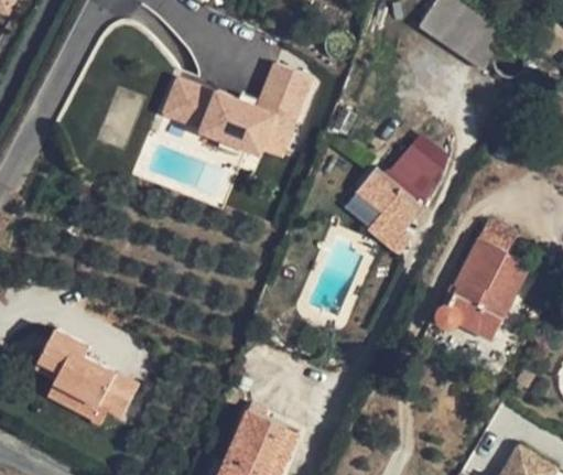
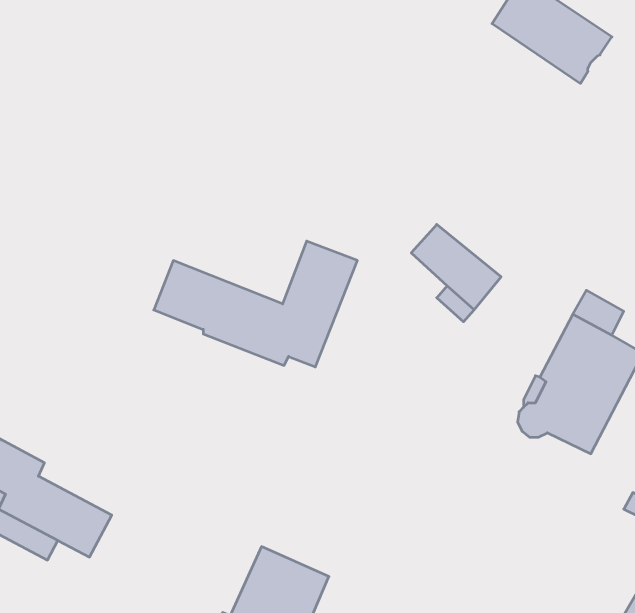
building: [161,65,311,158] -> [154,241,357,367]
building: [390,128,456,196] -> none

